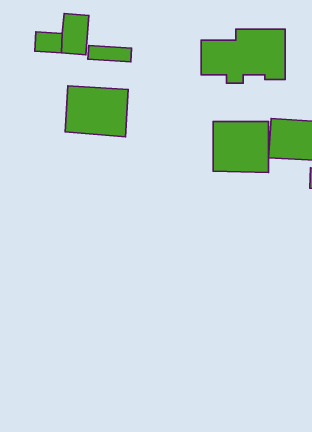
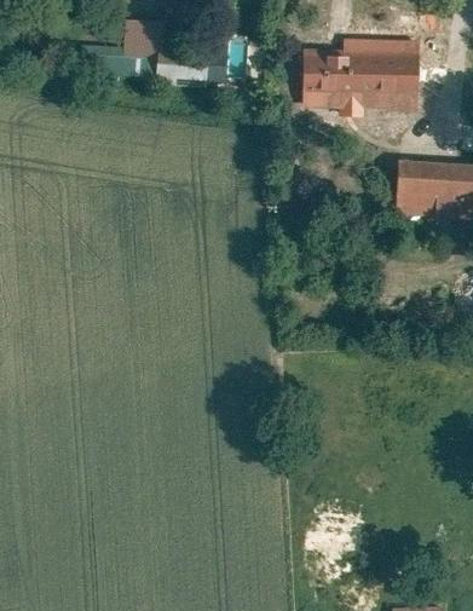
building: [65,86,128,137] -> none
building: [213,121,269,172] -> none

